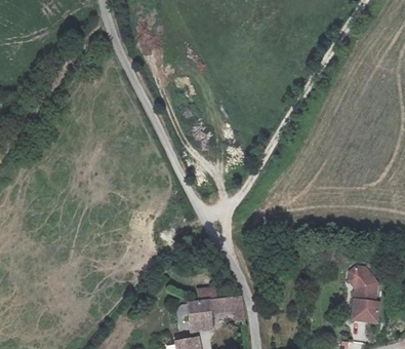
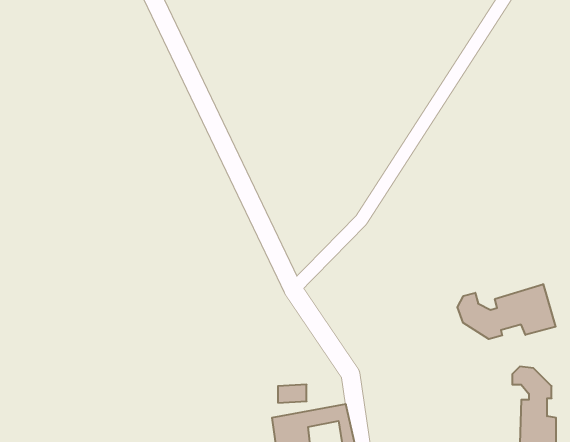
building: none -> [457,284,556,339]

